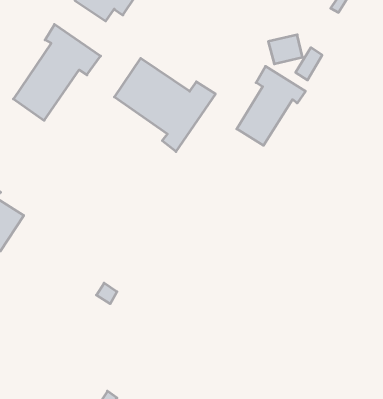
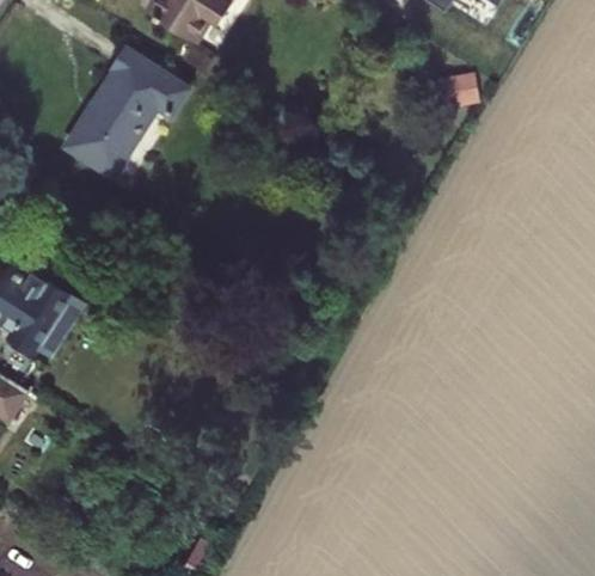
building: [114,58,215,152] -> none
building: [237,66,305,145] -> none

